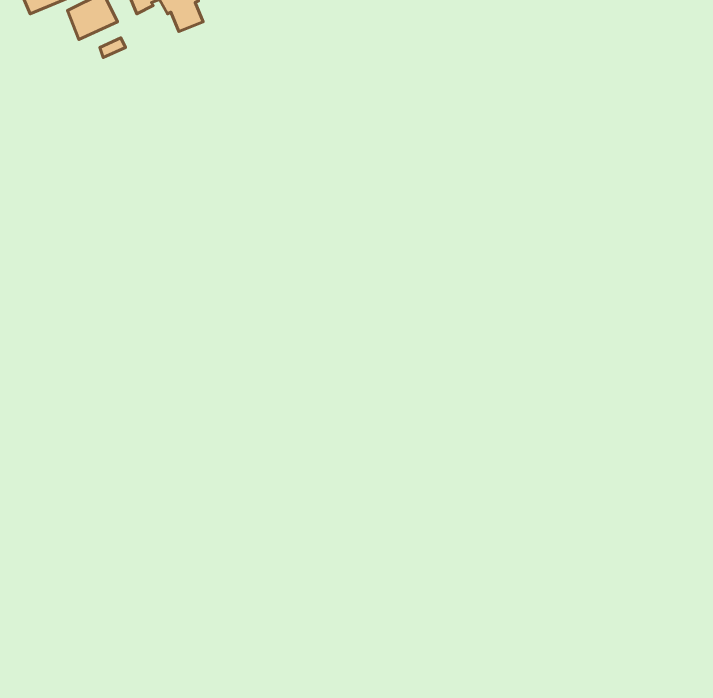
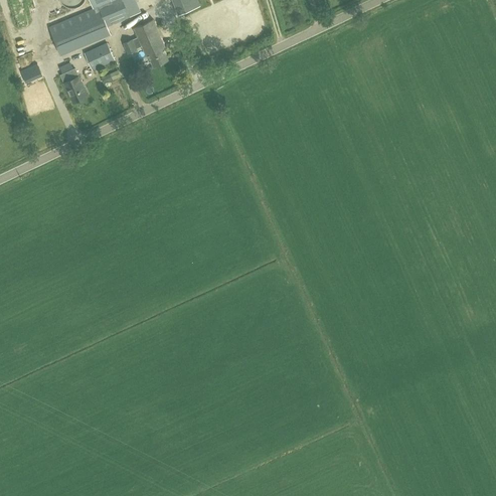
building: none -> [59,68,87,103]

